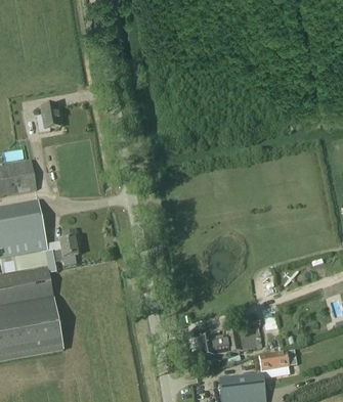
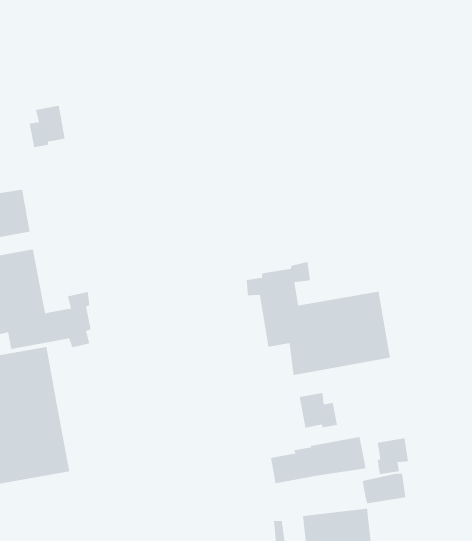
building: none -> [246,261,390,376]
building: none -> [299,392,337,428]
building: none -> [377,438,408,475]

